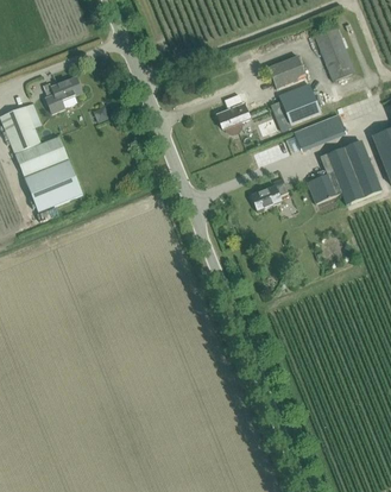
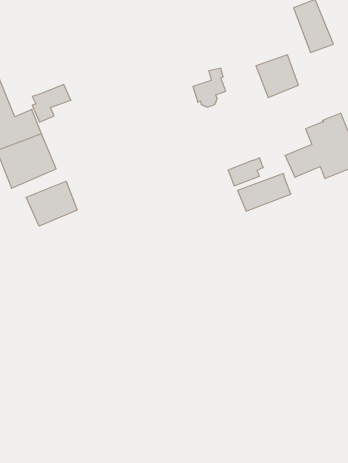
building: [267,55,307,90] -> none
building: [44,77,82,114] -> [32,84,71,122]
building: [294,114,346,151] -> [238,174,291,211]
building: none -> [26,181,77,226]

